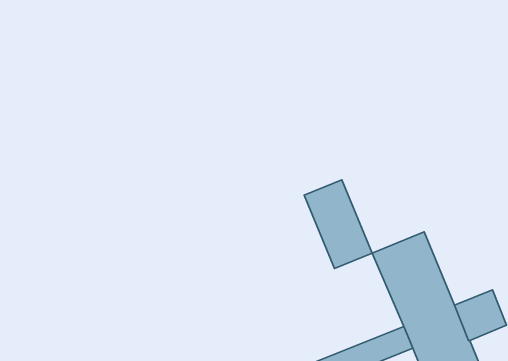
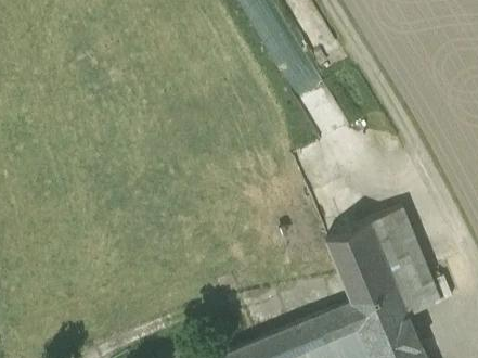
building: [304,180,372,268] -> [371,209,429,285]

